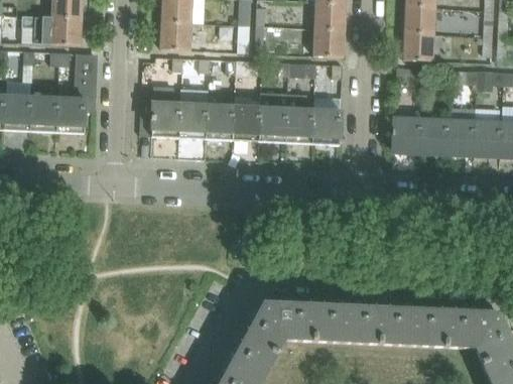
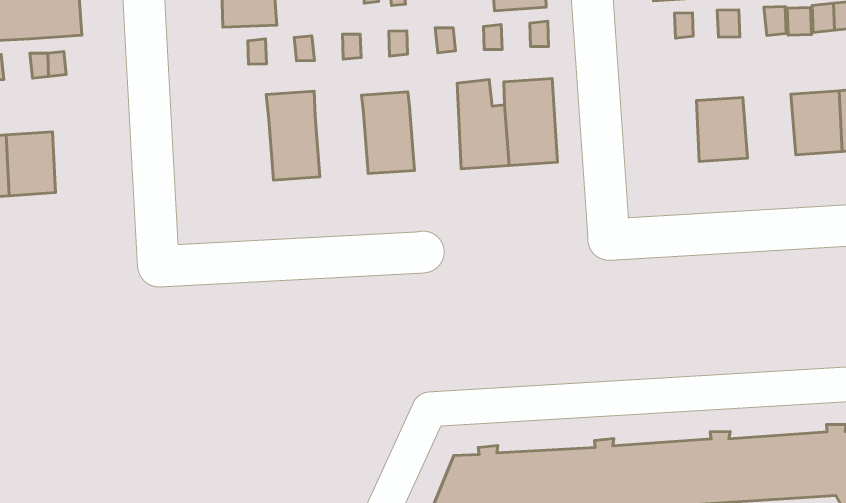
building: [56,53,96,132] -> none
building: [151,87,180,136] -> none
building: [259,91,288,141] -> none
building: [206,103,234,138] -> none
building: [446,106,476,153] -> none
building: [392,116,421,151] -> none

